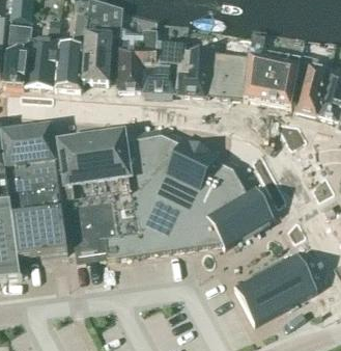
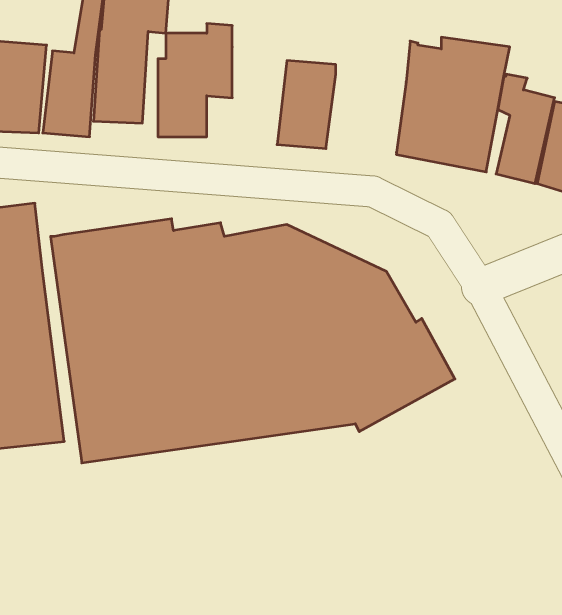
building: [143,40,186,92] -> none
building: [206,55,249,97] -> none
building: [235,252,318,323] -> none

